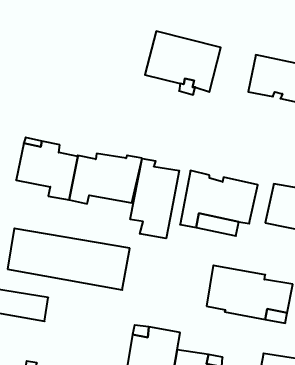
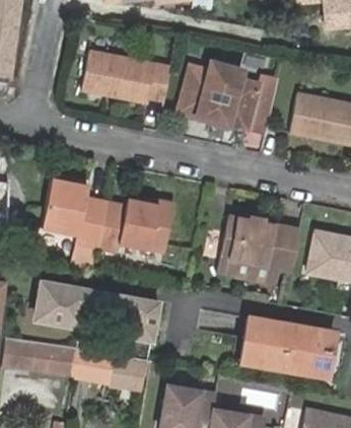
building: none -> [82,51,171,104]
building: [130,158,179,238] -> none
building: none -> [71,352,147,389]

